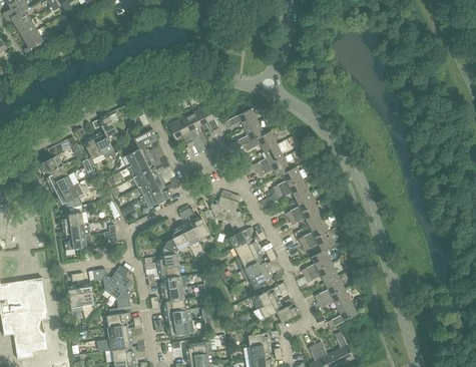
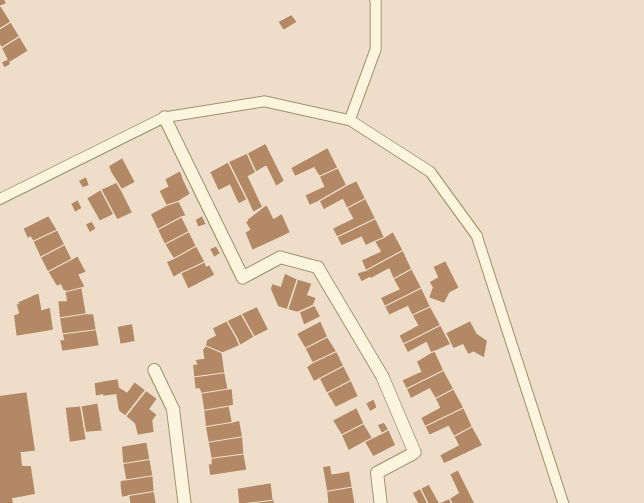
building: none -> [245,205,290,250]
building: none -> [428,260,459,304]
building: none -> [14,293,53,336]
building: none -> [445,320,487,358]

